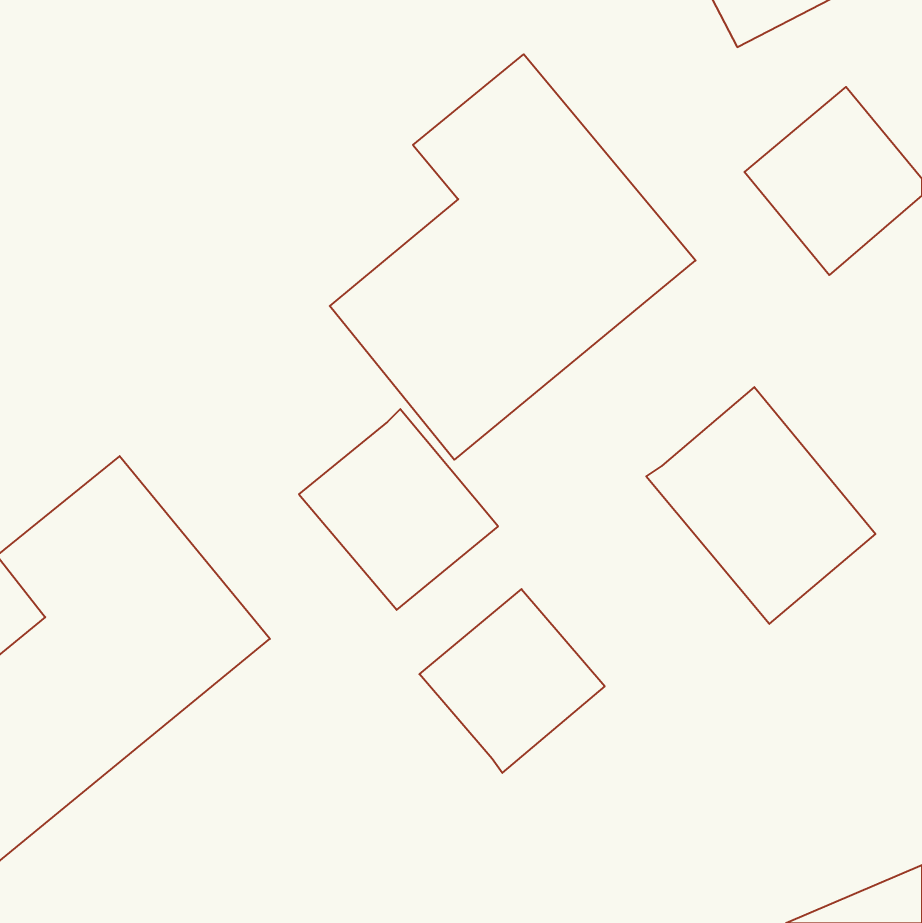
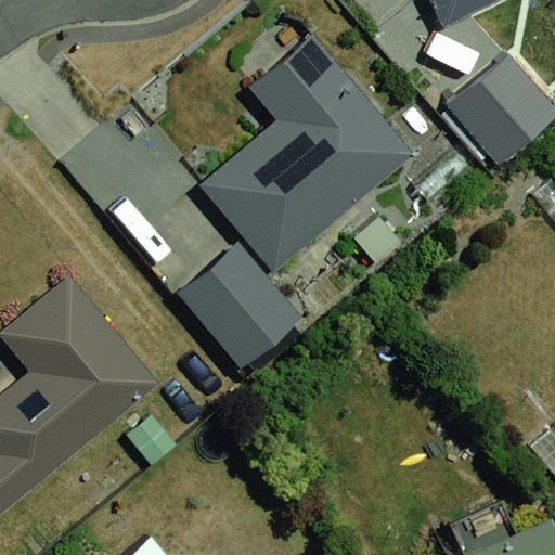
building: [646,387,875,624] -> none
building: [419,589,605,773] -> none

